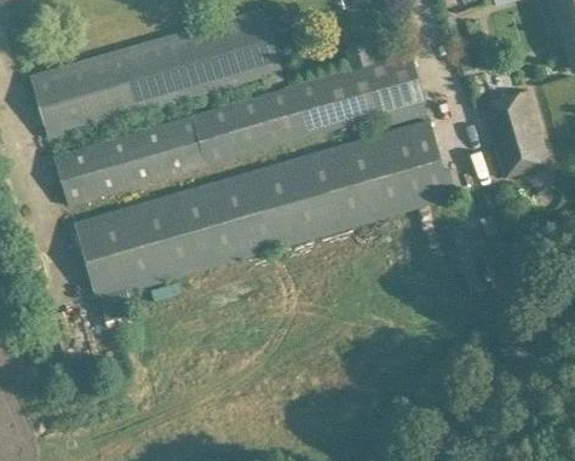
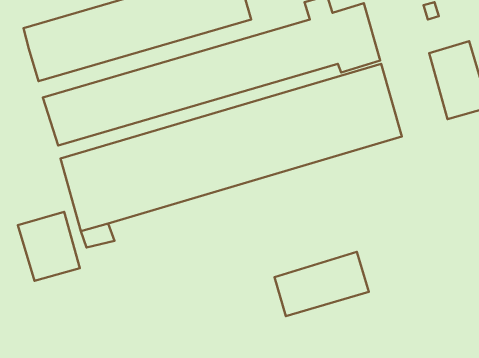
building: none -> [18,212,80,281]
building: none -> [275,252,369,316]

